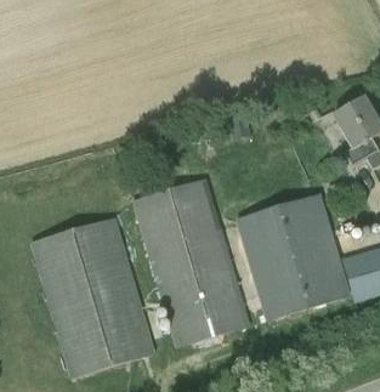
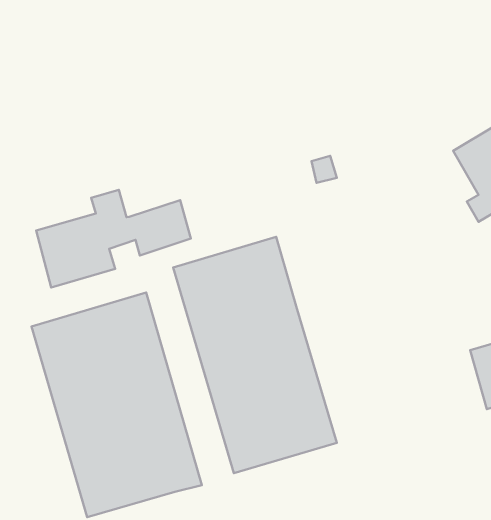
building: none -> [36,190,191,287]
building: [239,194,351,318] -> none

